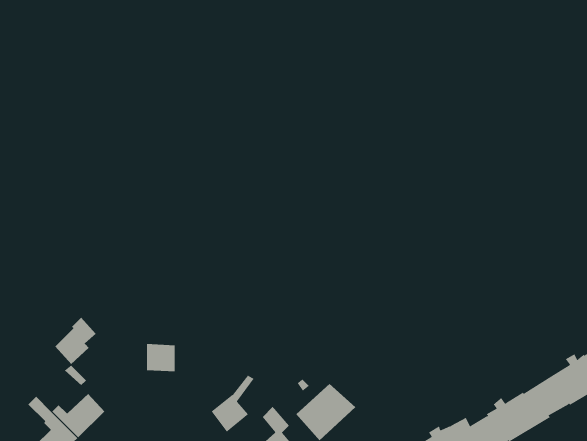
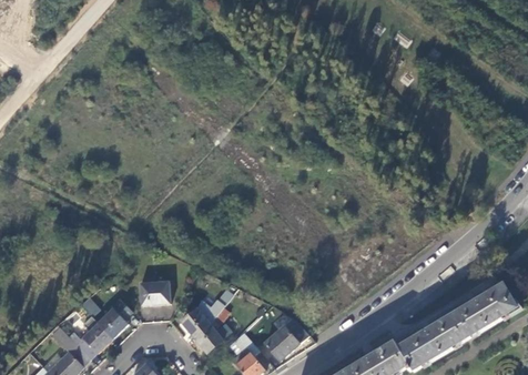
building: [54,317,97,365] -> [99,298,132,336]
building: none -> [182,292,233,336]

